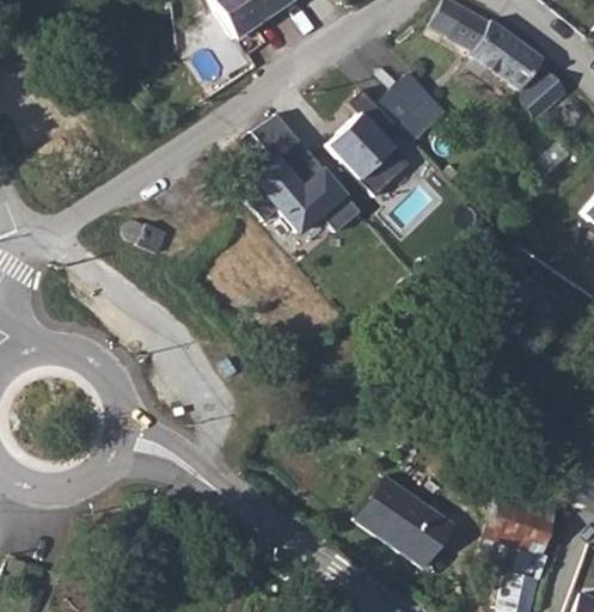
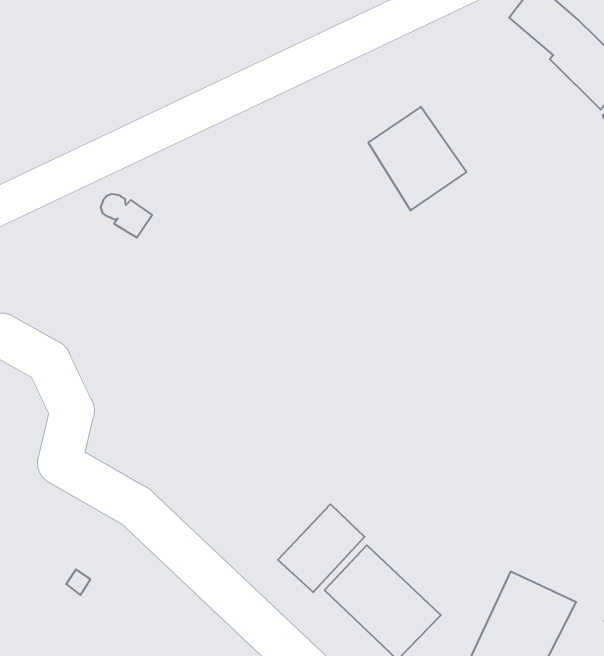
building: [380,74,451,145] -> none
building: [234,116,362,238] -> none
building: none -> [278,504,365,592]

